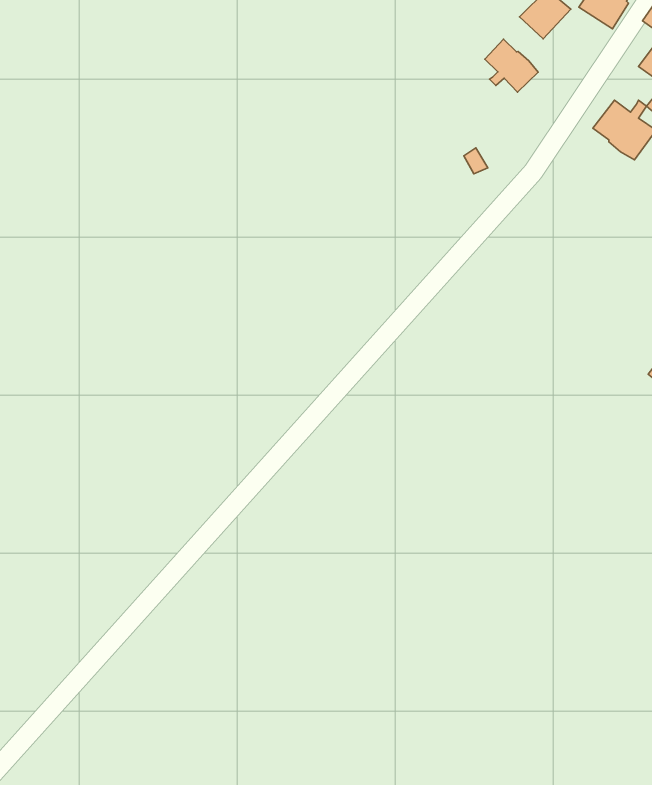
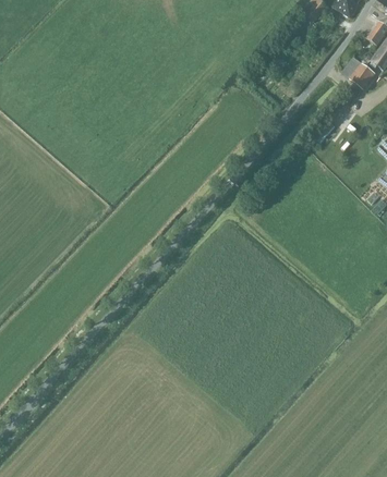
building: [485,39,538,92] -> none

